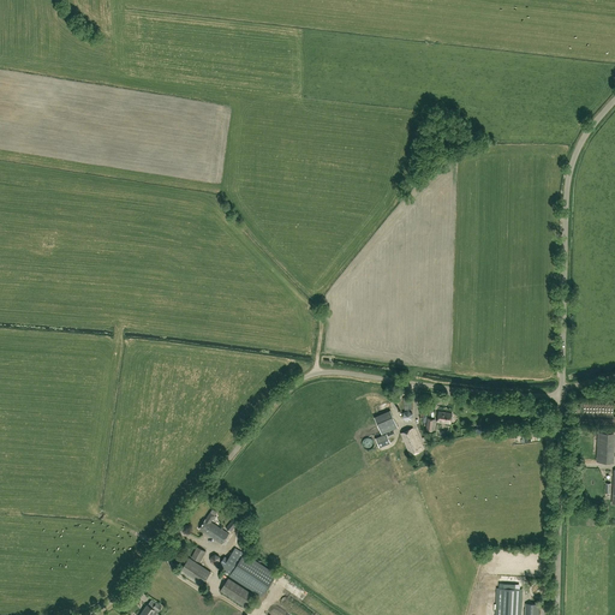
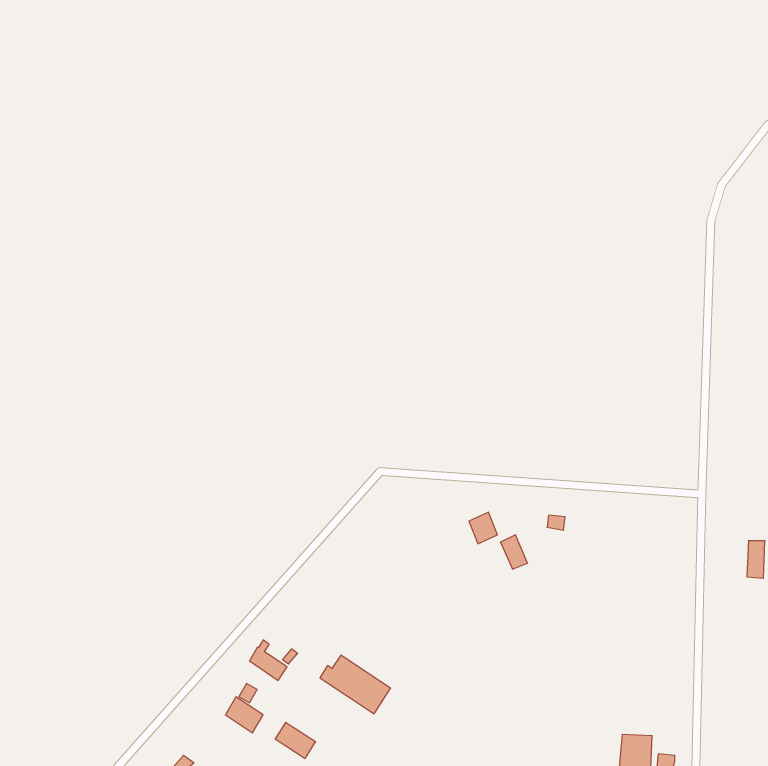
building: [219,549,275,596] -> [320,655,391,714]

